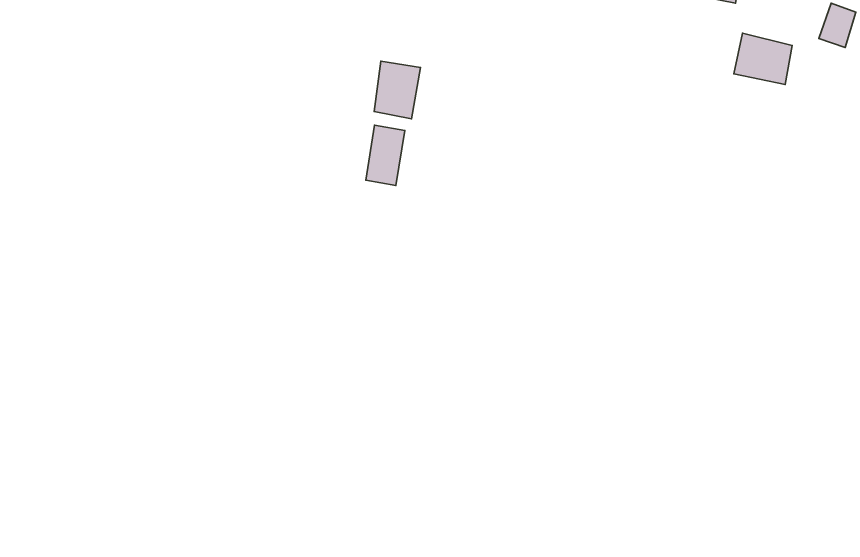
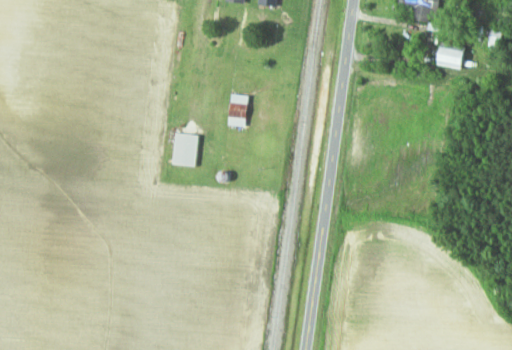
building: [374,61,420,119] -> none
building: none -> [173,133,198,165]

